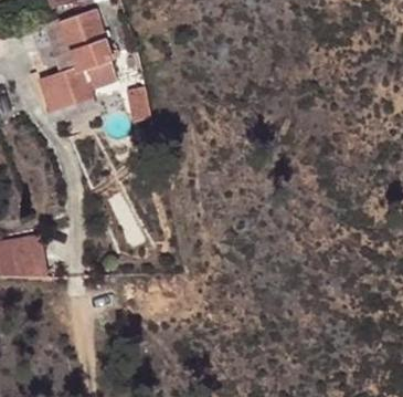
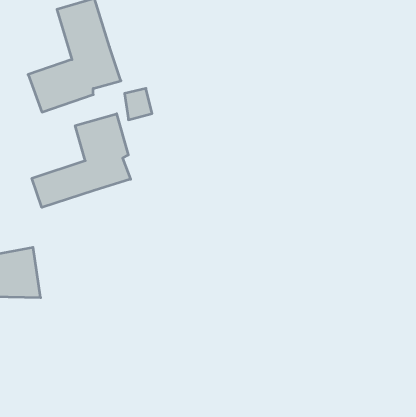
building: none -> [32,114,131,207]

